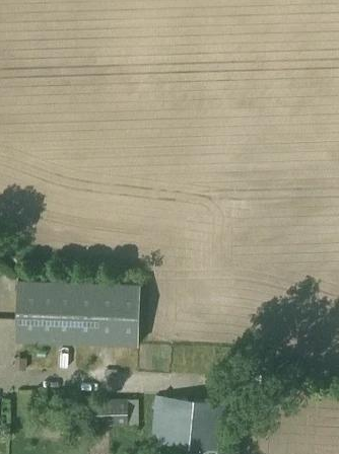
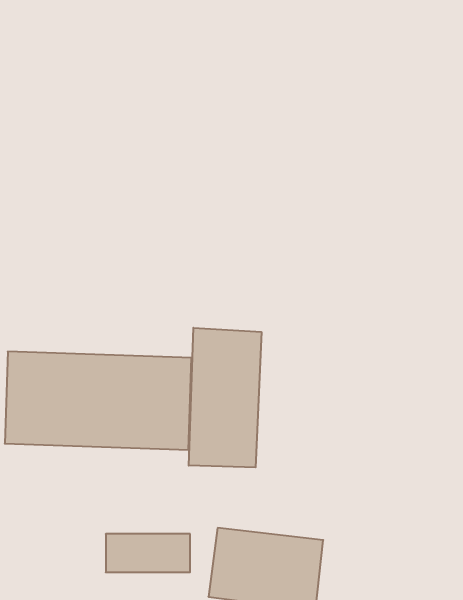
building: none -> [189,328,261,467]

